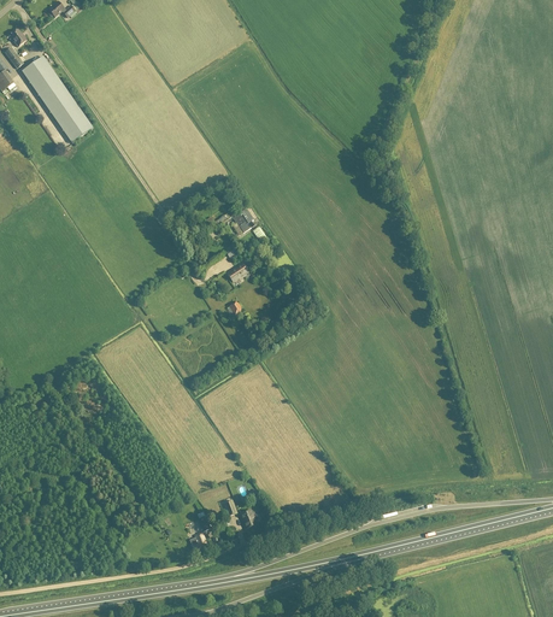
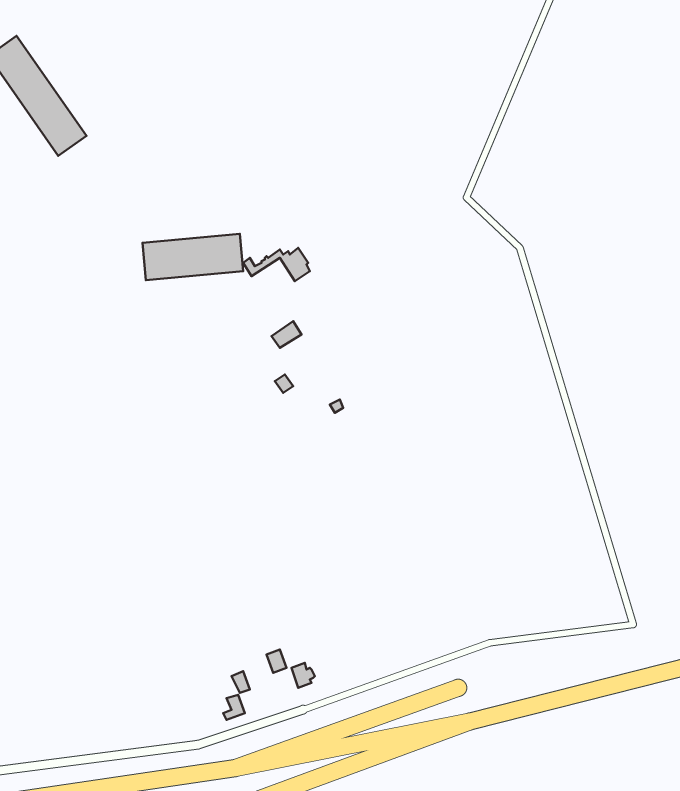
building: none -> [143,234,243,280]

